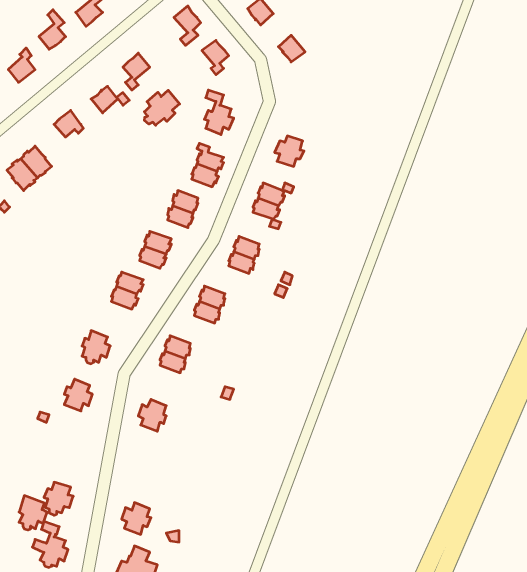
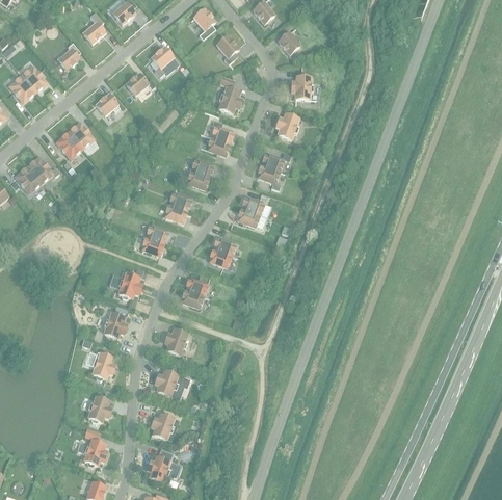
building: none -> [291,76,313,99]
building: [144,90,180,125] -> none
building: none -> [155,370,189,395]
building: [19,496,47,530] -> [93,351,115,379]

